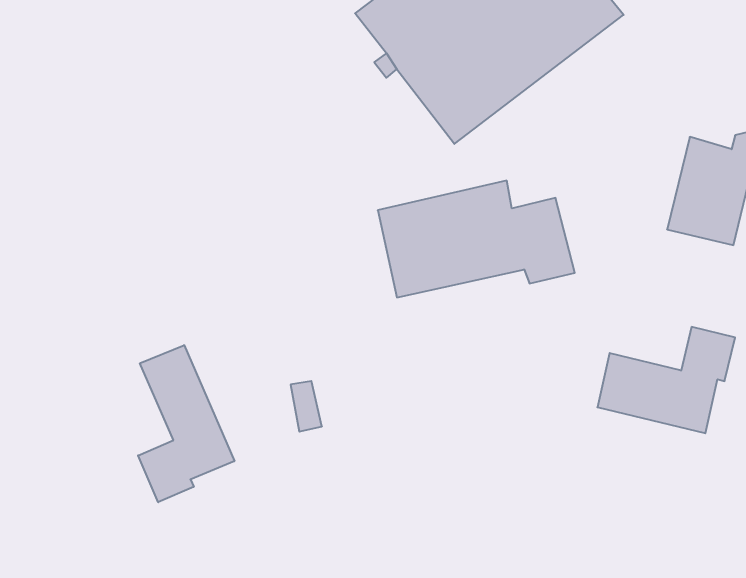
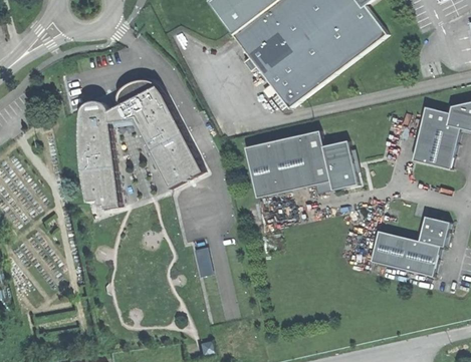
building: none -> [79,79,202,208]
building: [138,345,234,502] -> none

